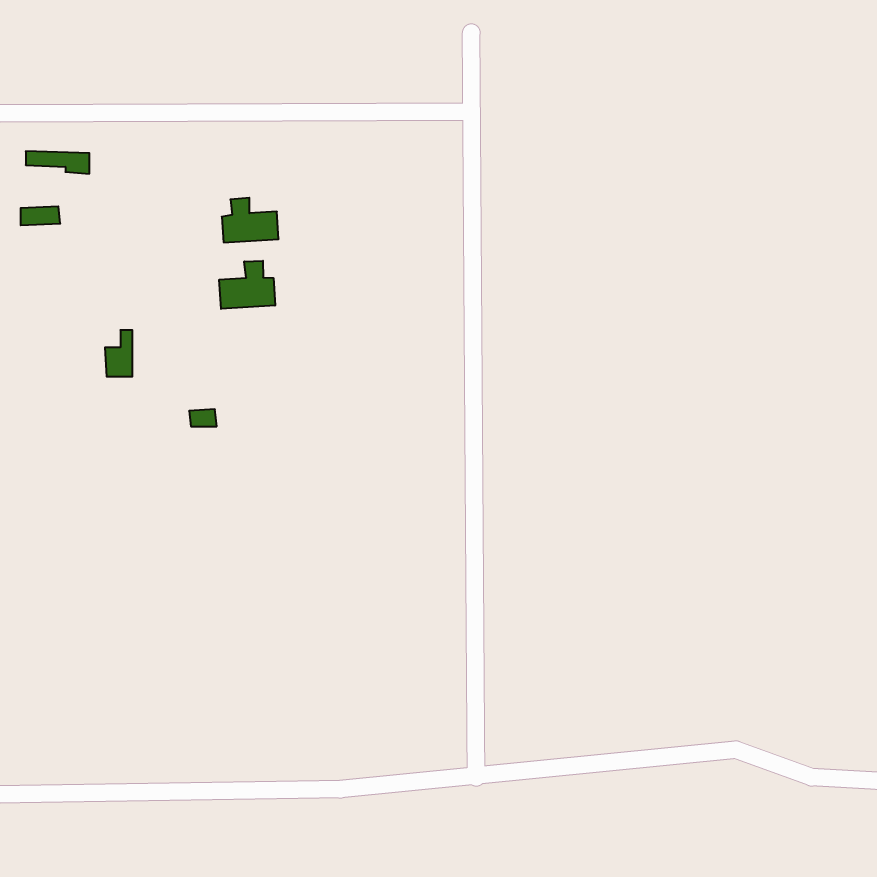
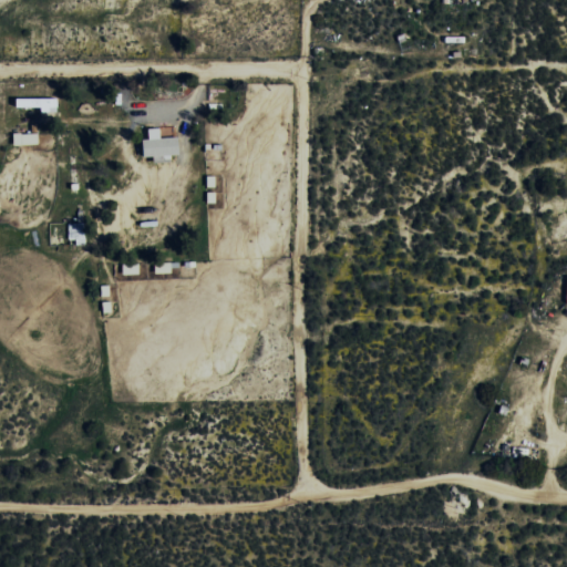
building: [219,261,275,309] -> none

